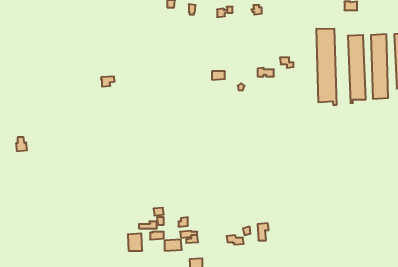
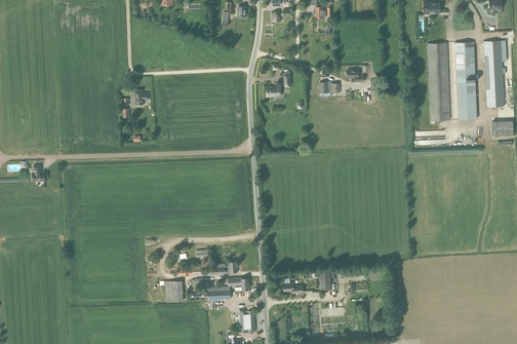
building: [317,29,336,105] -> none

